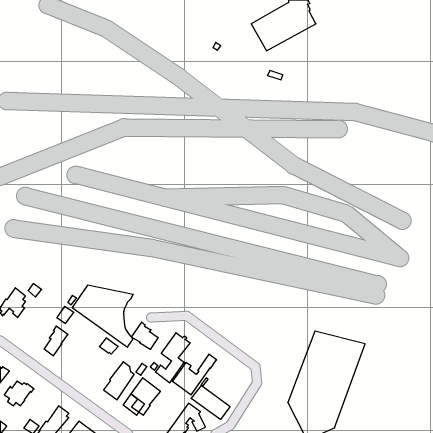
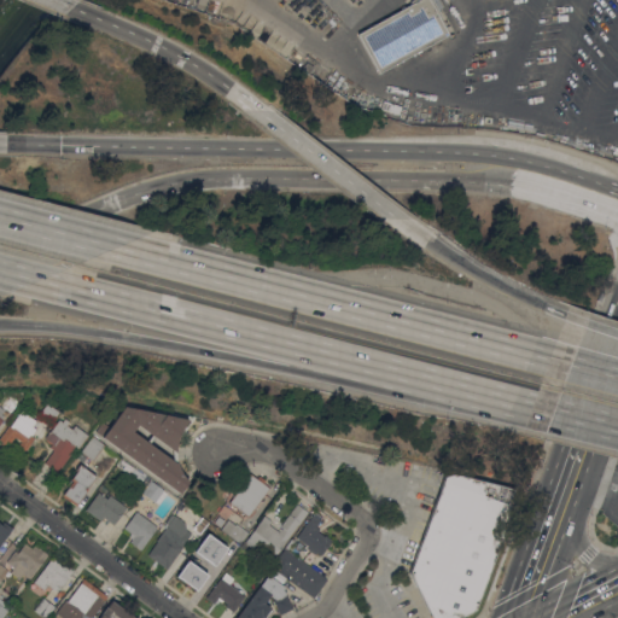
building: none -> [46,419,89,473]
building: [132,322,158,349] -> none
building: none -> [87,494,128,526]
building: none -> [124,512,158,550]
building: none -> [298,515,333,556]
building: none -> [35,555,75,591]
building: none -> [204,572,246,612]

